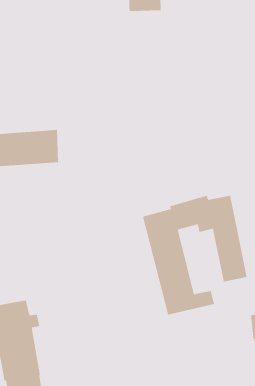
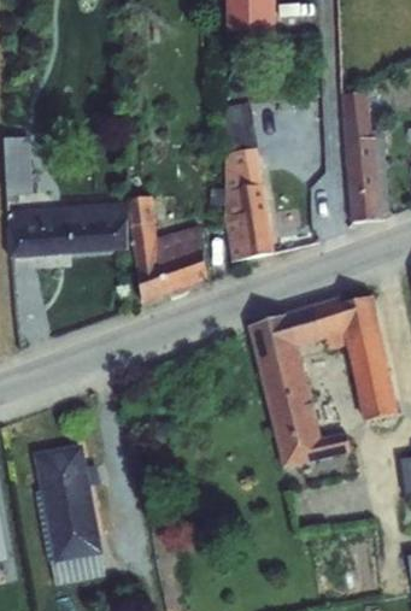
building: none -> [342,92,383,221]
building: none -> [225,117,275,259]
building: none -> [128,195,209,301]

